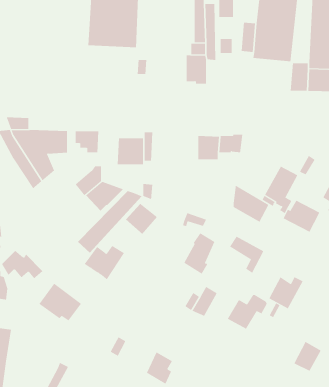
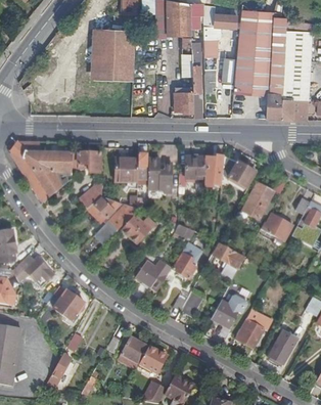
building: none -> [147,159,172,194]
building: [233,185,269,222] -> [223,155,255,188]
building: [84,245,125,280] -> [136,260,172,290]
building: [268,276,303,309] -> [235,318,266,347]
building: none -> [122,336,148,364]

